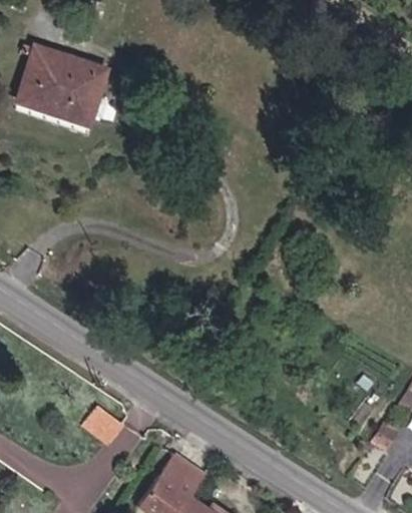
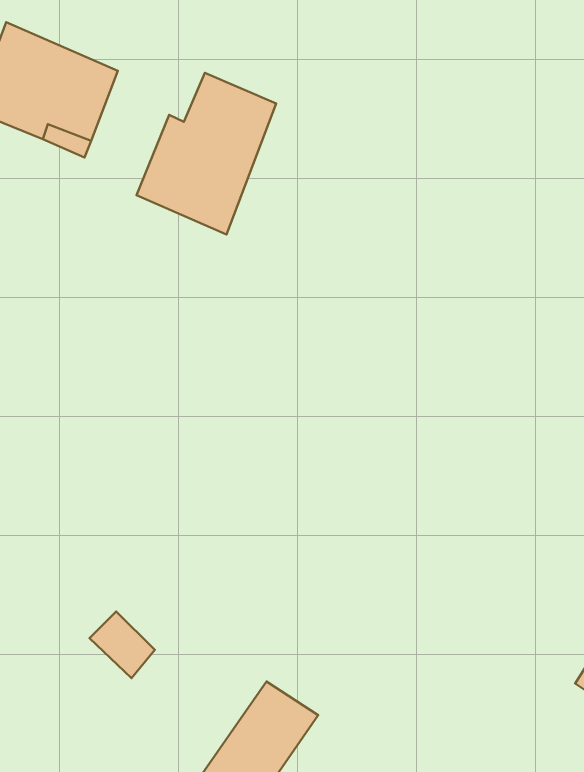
building: none -> [137,73,276,234]

